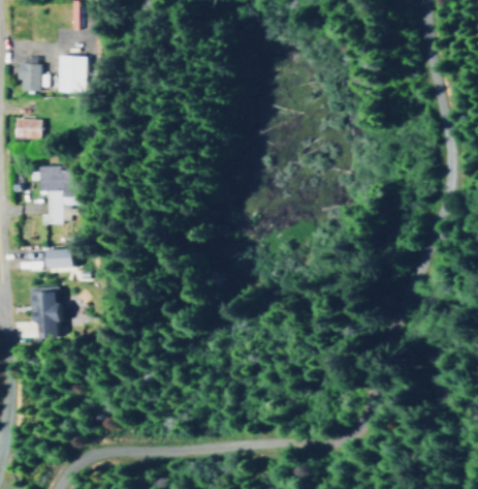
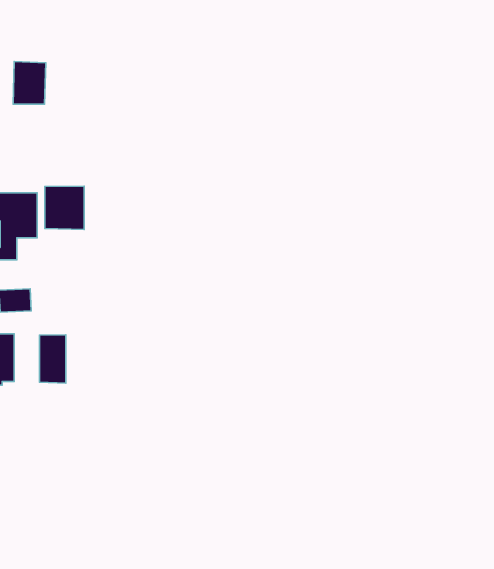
building: none -> [45,186,84,230]
building: none -> [39,335,66,383]

